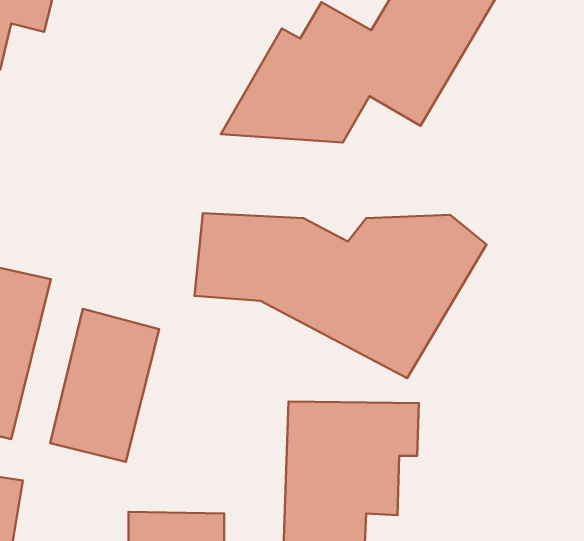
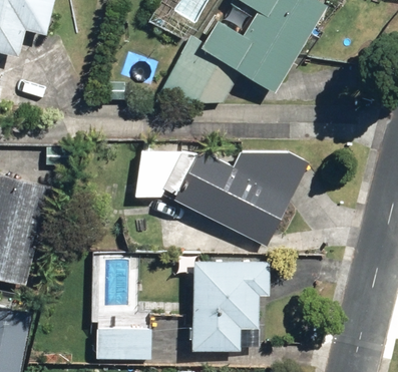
building: [50,309,159,462] -> none

